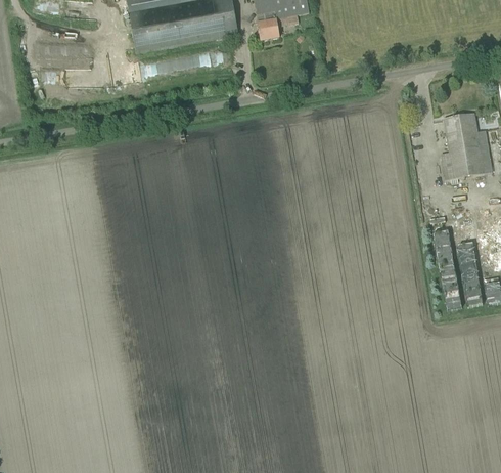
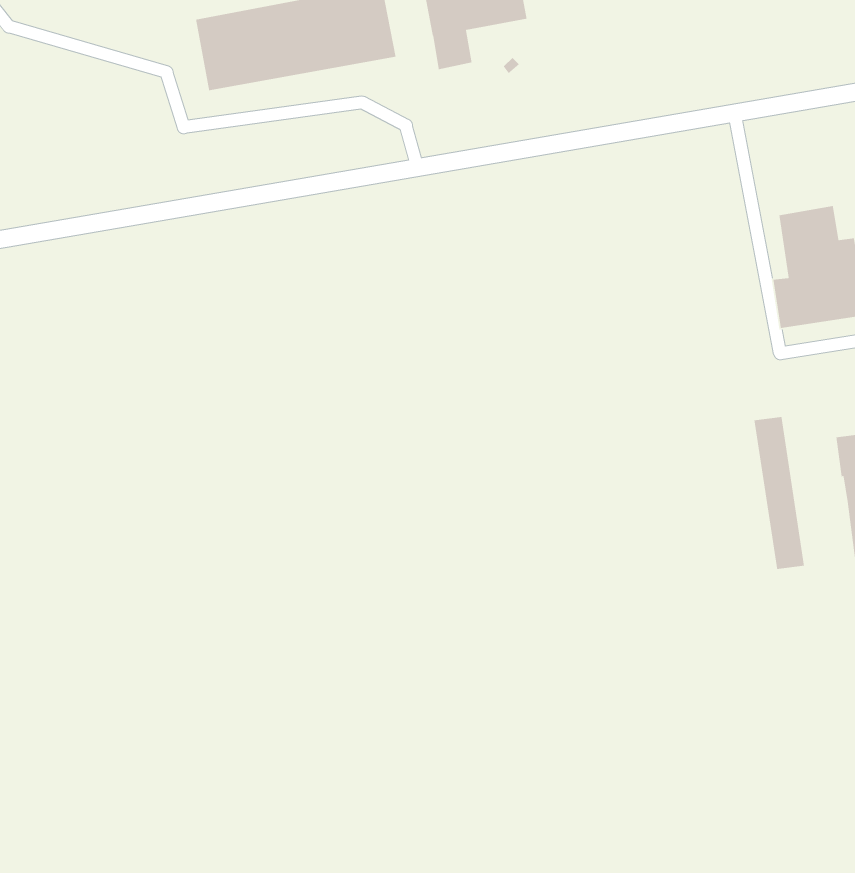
building: [456,225,481,305] -> none

